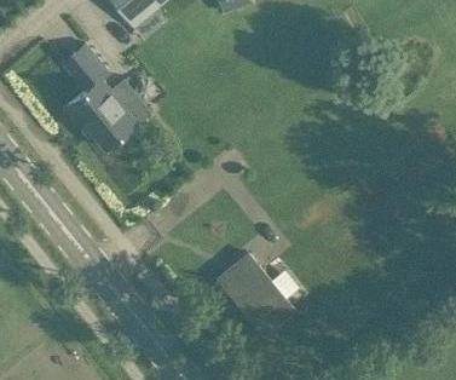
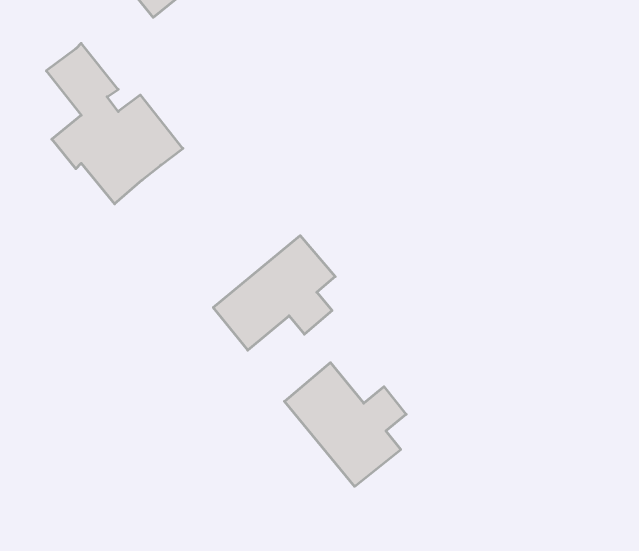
building: none -> [213,236,335,350]

